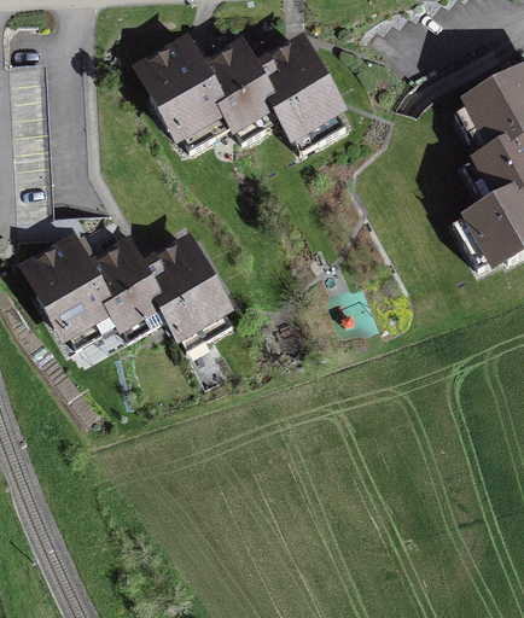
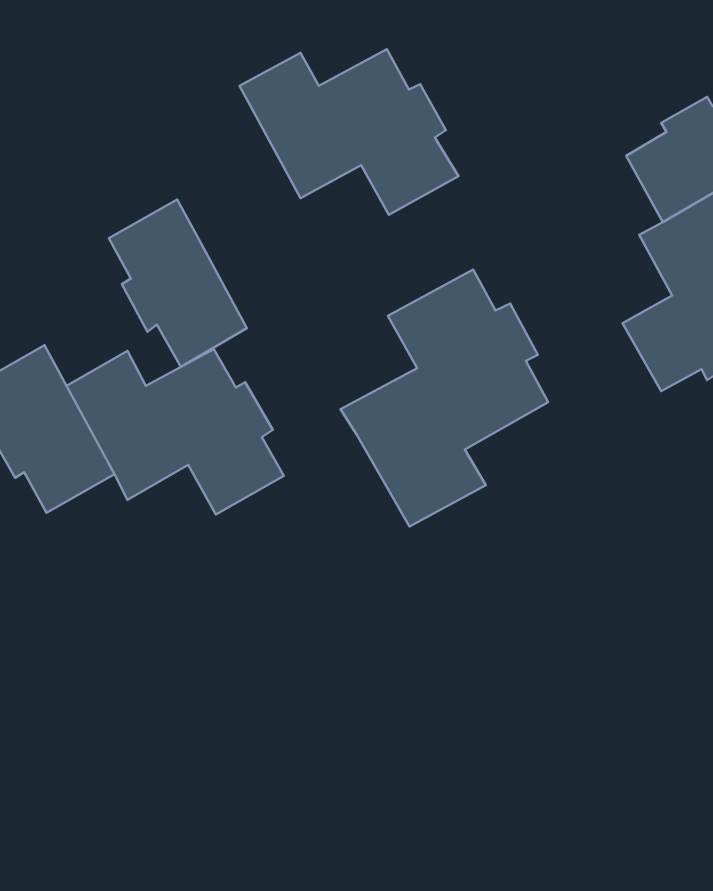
building: [142,35,233,145] -> [109,200,247,367]
building: none -> [341,269,548,526]

